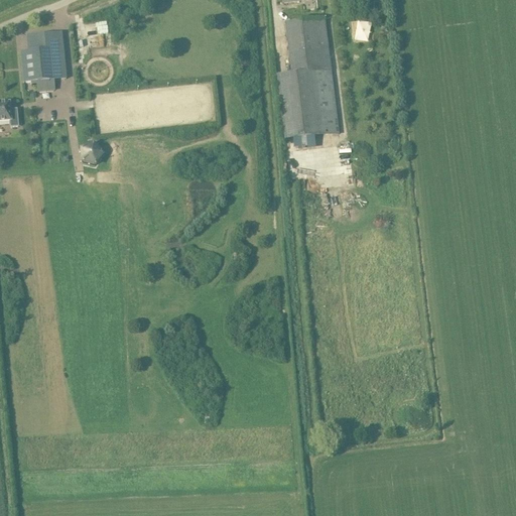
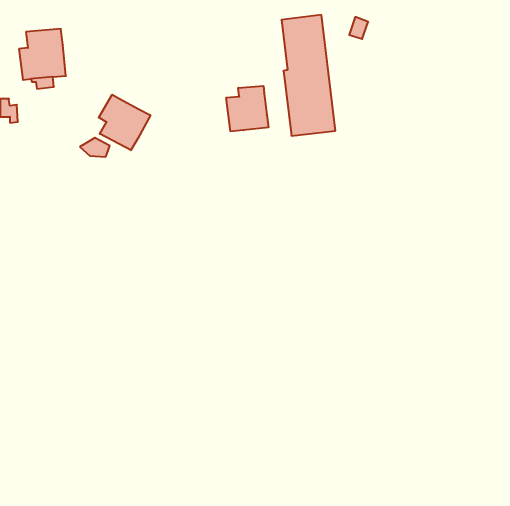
building: none -> [226,86,268,131]
building: none -> [99,95,150,150]

